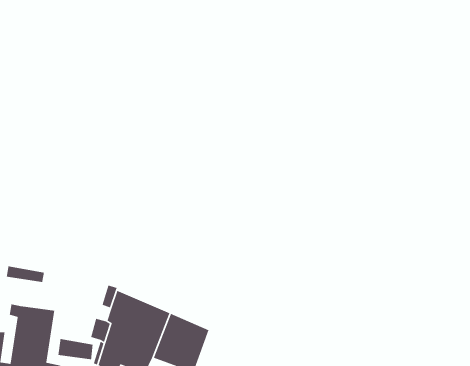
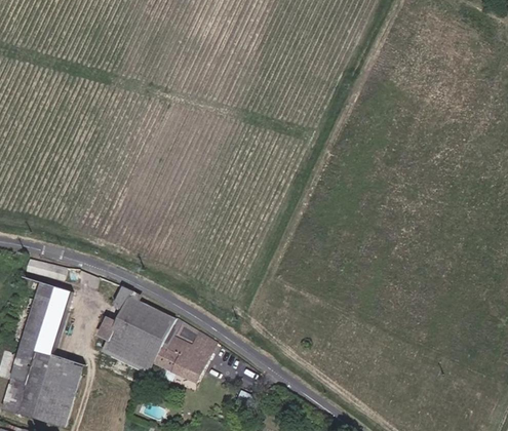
building: [57,338,93,360] -> [33,281,69,306]

